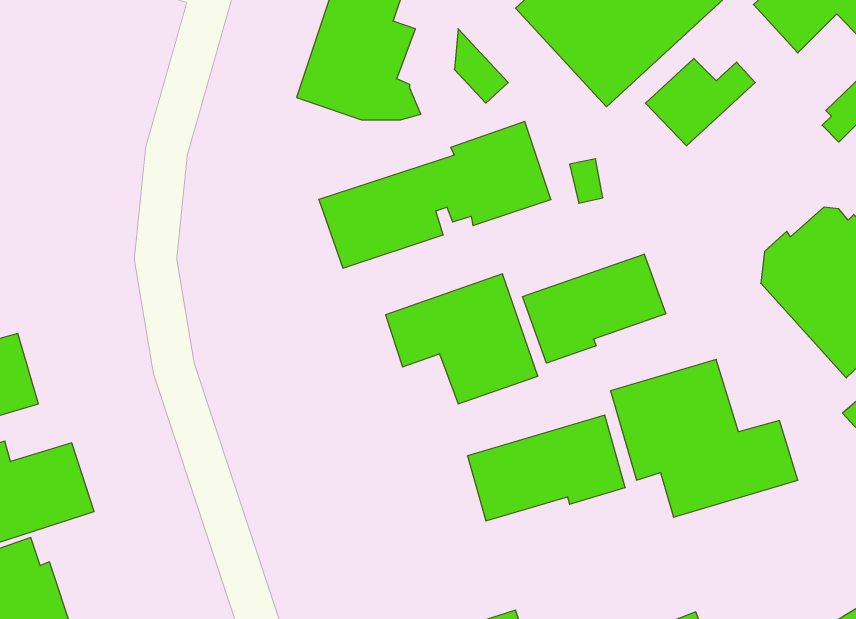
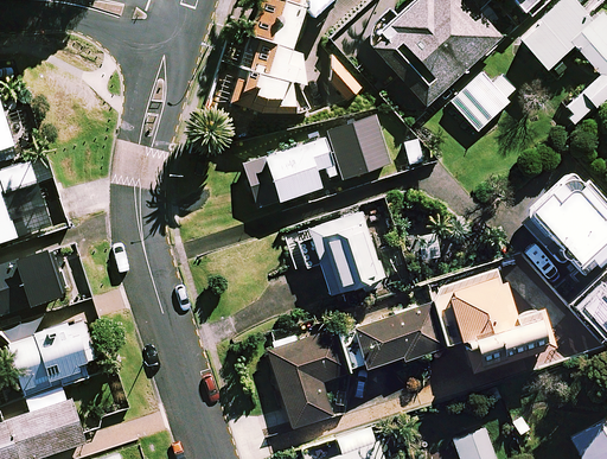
building: [522,254,666,363] -> none
building: none -> [267,331,344,427]

